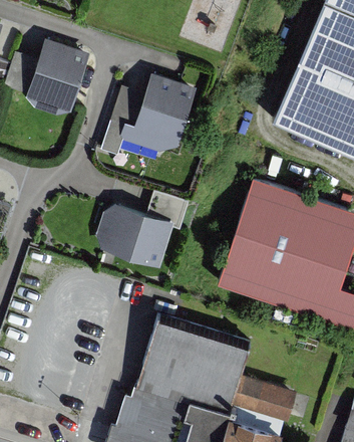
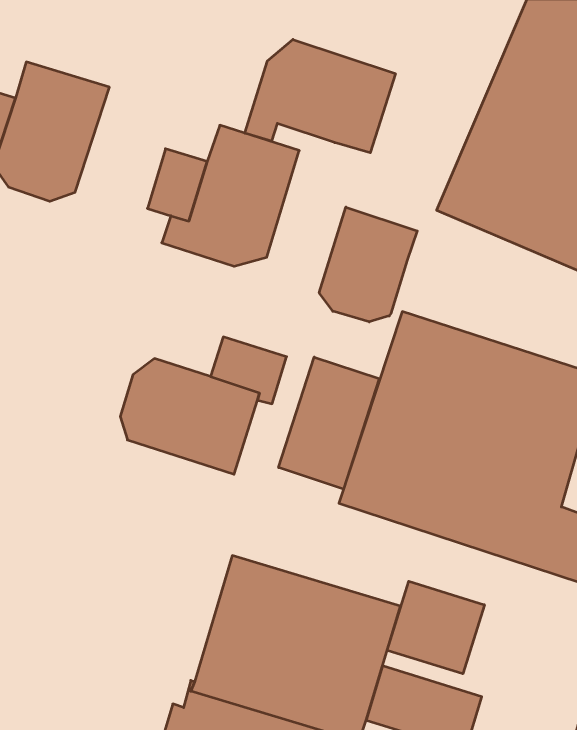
building: none -> [245,39,395,153]
building: none -> [319,207,417,322]
building: none -> [279,357,379,489]
building: none -> [387,581,484,674]

